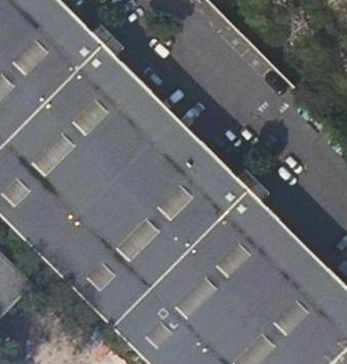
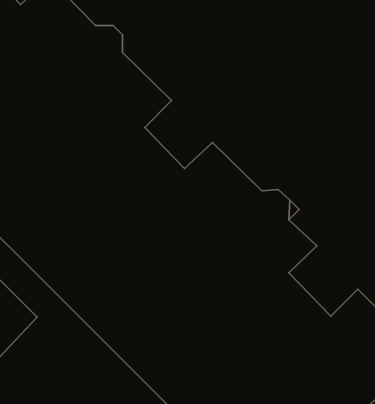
building: [129,96,189,155] -> none
building: [256,223,316,285] -> none

